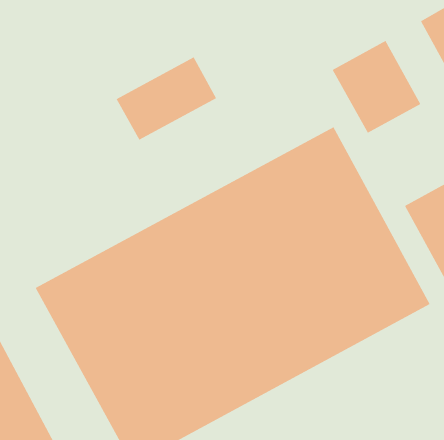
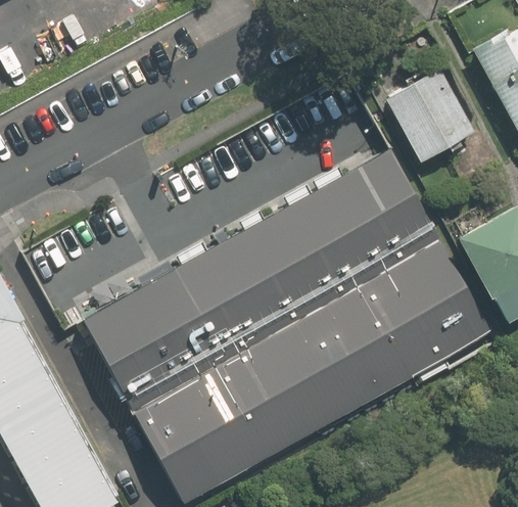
building: [116,57,217,141] -> none

